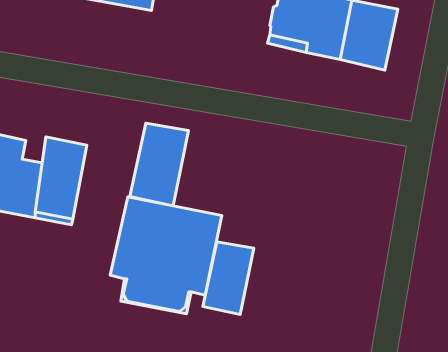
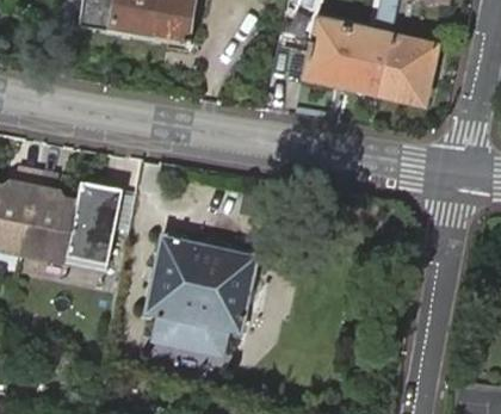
building: [130,123,189,206] -> none
building: [203,242,254,314] -> none

